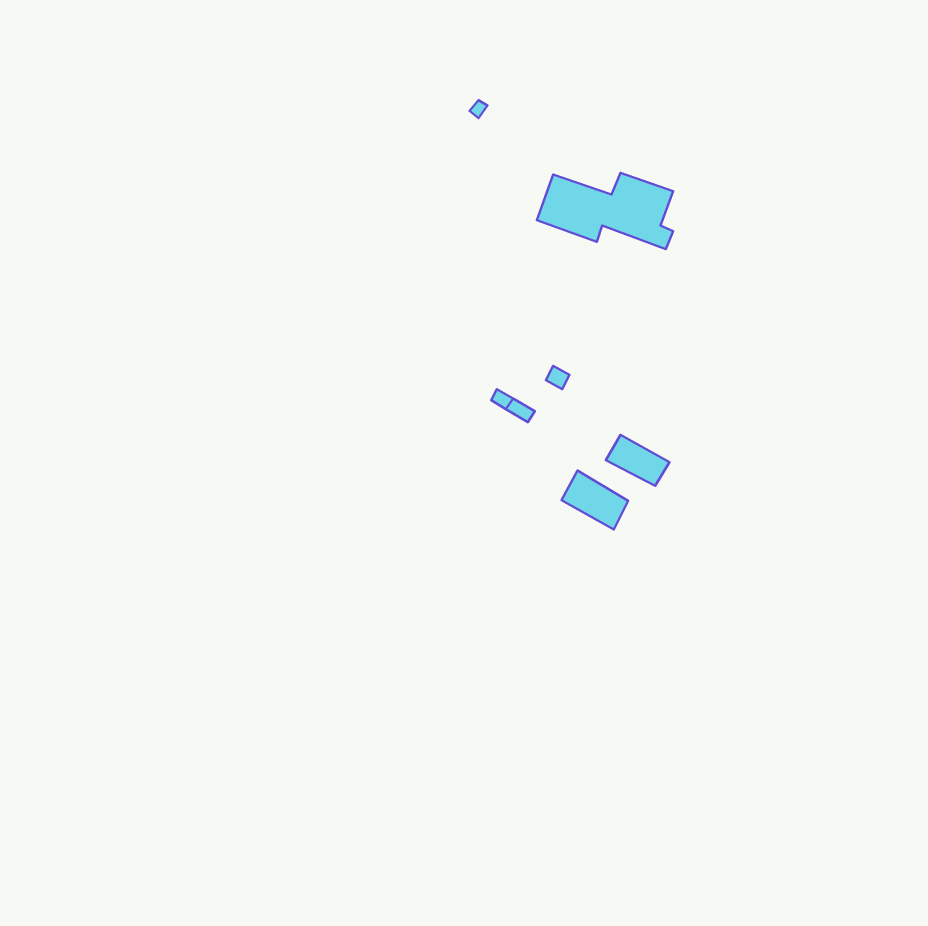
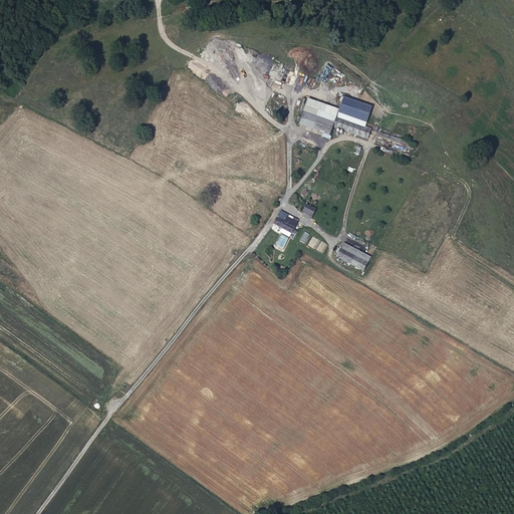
building: [561,471,628,529] -> none

